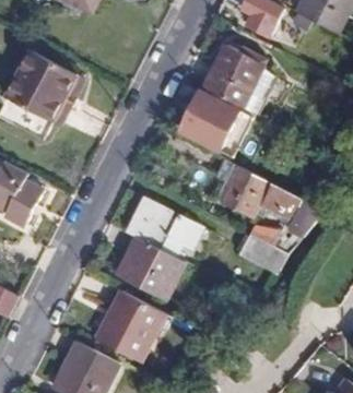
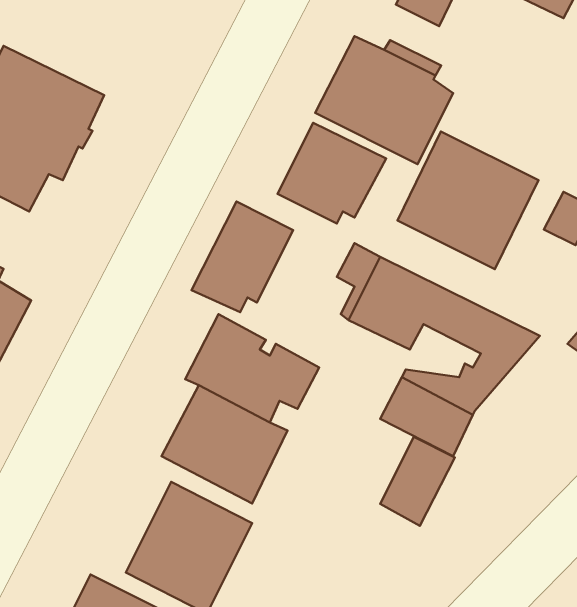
building: none -> [398,131,538,269]
building: none -> [191,202,293,312]
building: none -> [380,437,455,526]

